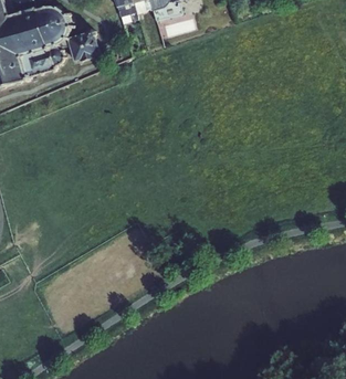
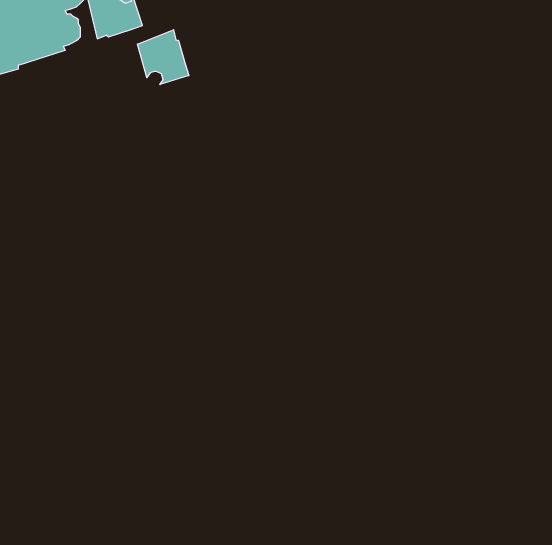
building: none -> [137,30,189,85]

